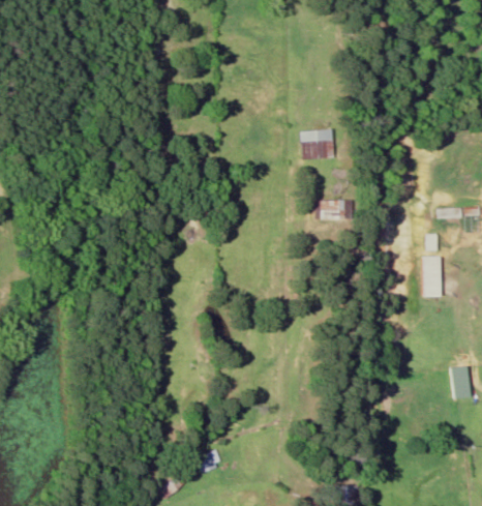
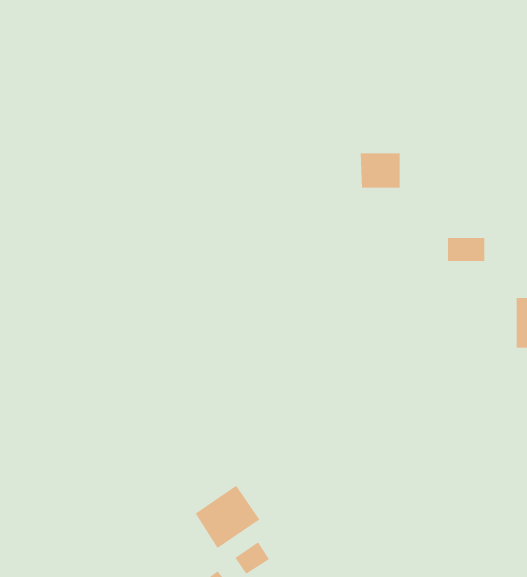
building: [319,200,350,219] -> [447,237,485,262]
building: none -> [195,485,260,549]

